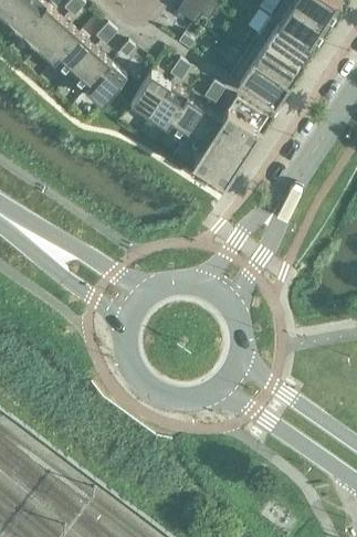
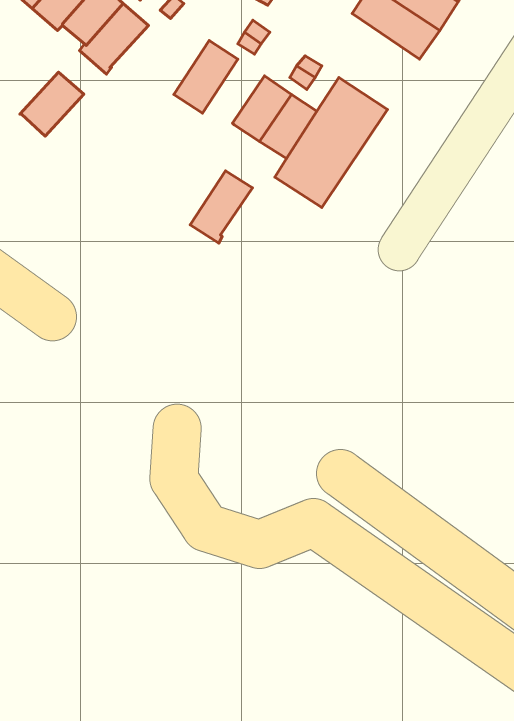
building: [231,53,290,104] -> none
building: [86,61,128,103] -> [20,72,84,136]
building: [147,83,188,130] -> [190,171,252,243]

